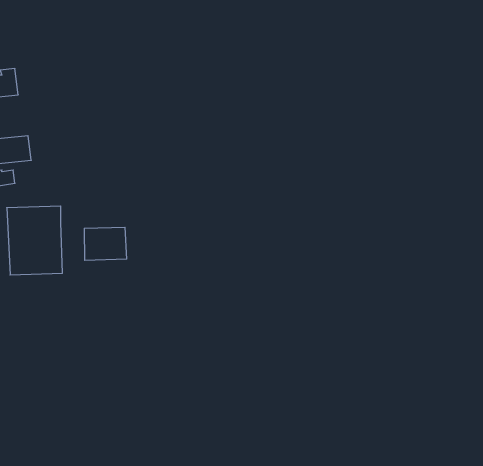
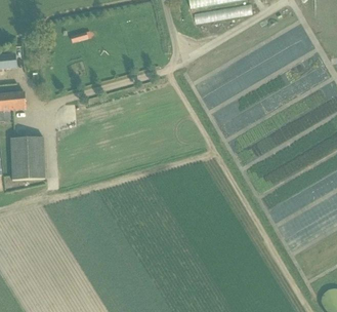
building: [84,227,127,260] -> none

